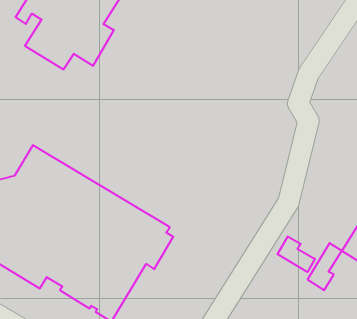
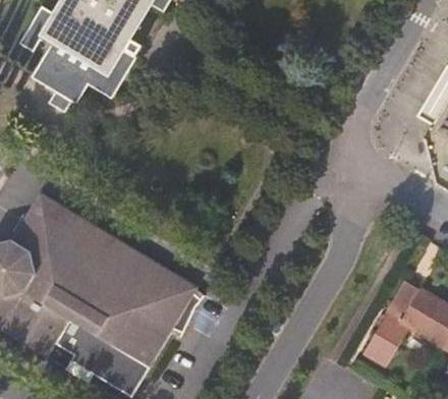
building: [278,236,315,272] -> none

